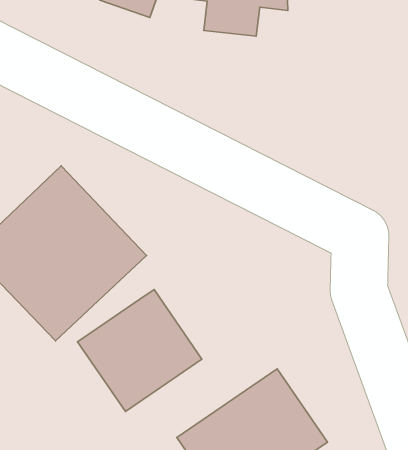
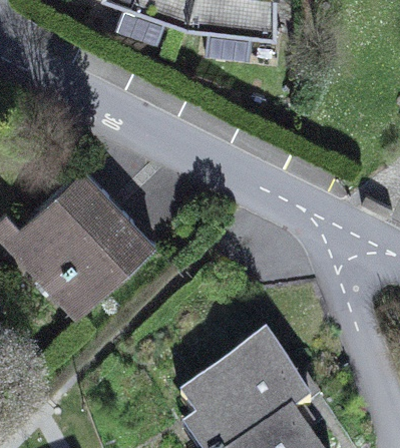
building: [77,289,202,412] -> none

